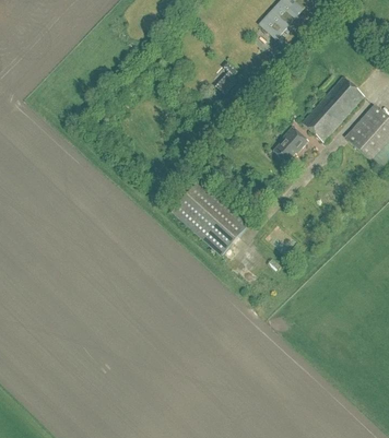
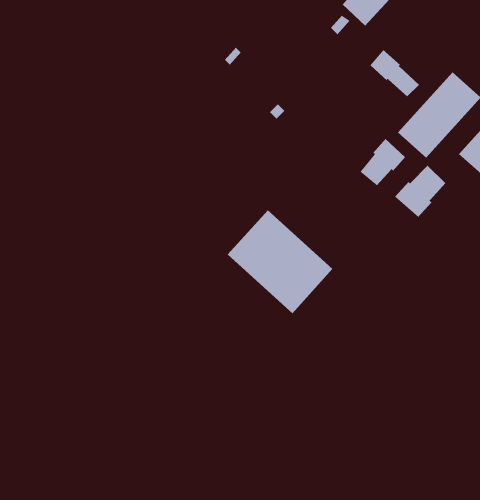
building: none -> [369,49,420,97]
building: none -> [394,165,446,218]

